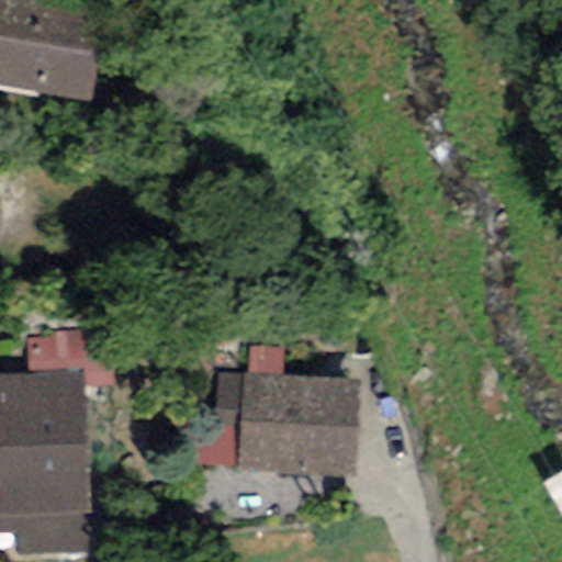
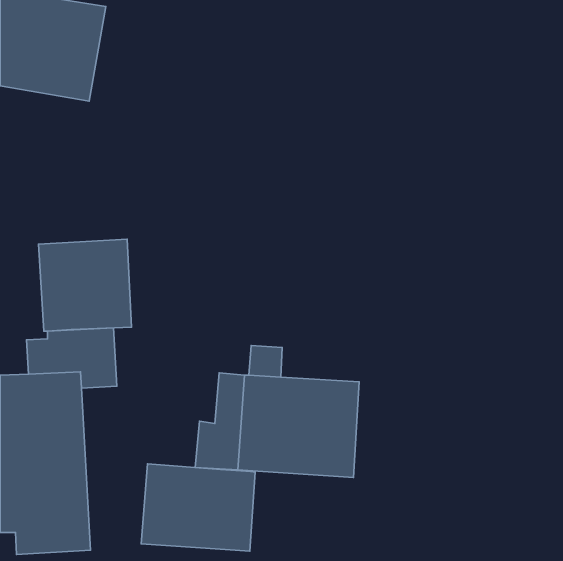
building: none -> [39,239,131,331]
building: none -> [141,464,255,551]

